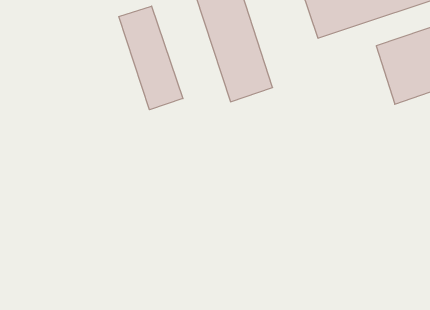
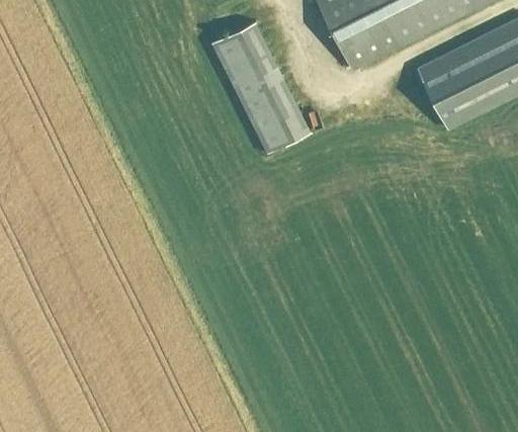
building: [119,6,183,110] -> none

